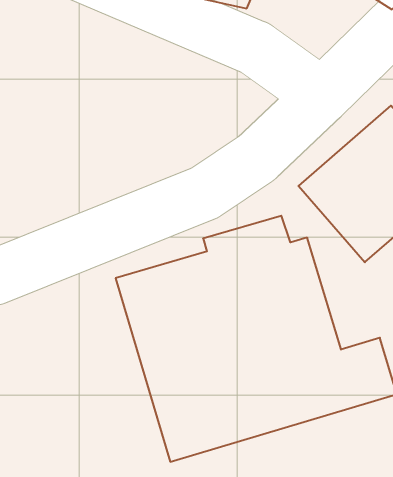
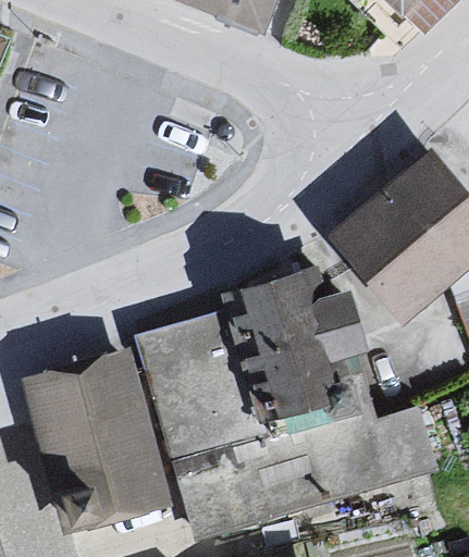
building: none -> [29,349,171,525]

